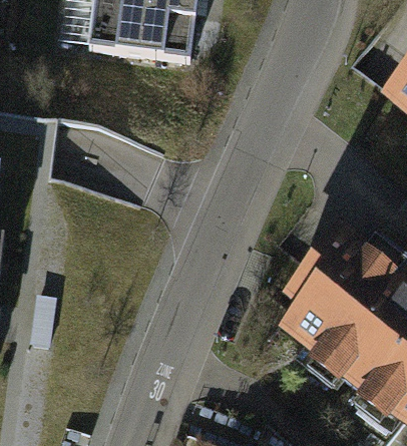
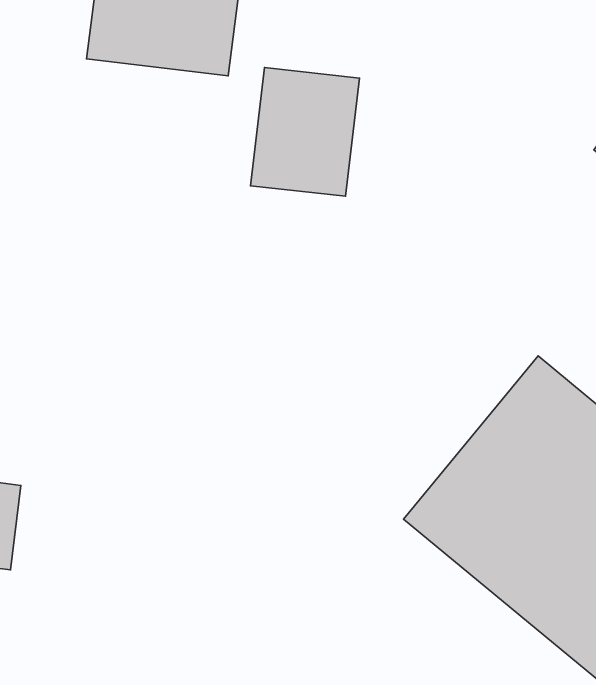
building: none -> [251,68,360,196]

